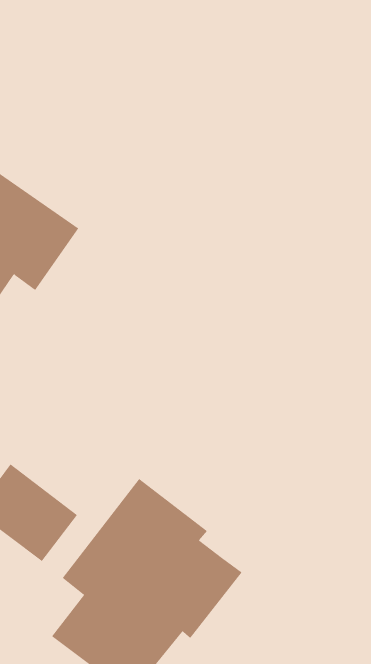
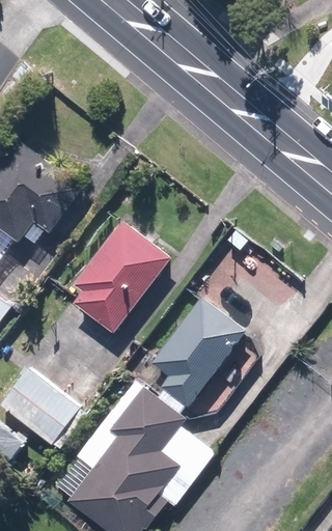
building: none -> [74,220,175,334]
building: none -> [150,297,245,406]

